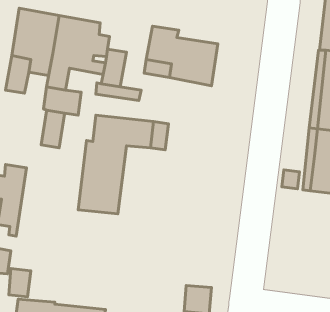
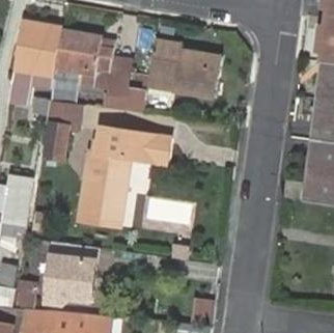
building: none -> [47,242,99,304]

